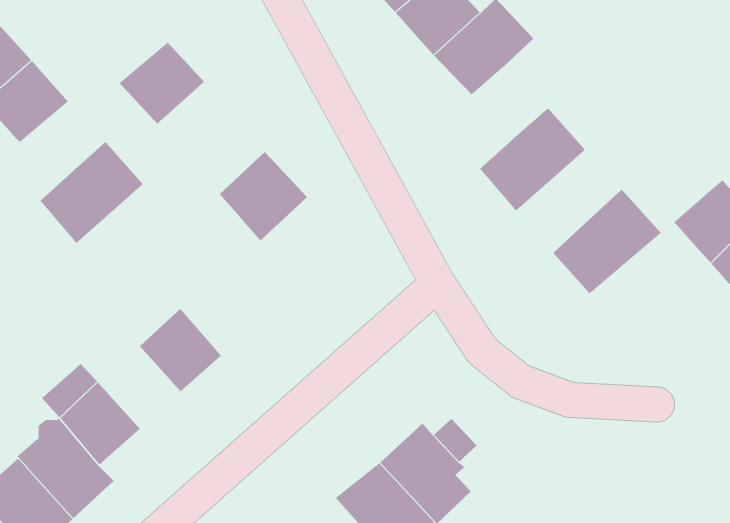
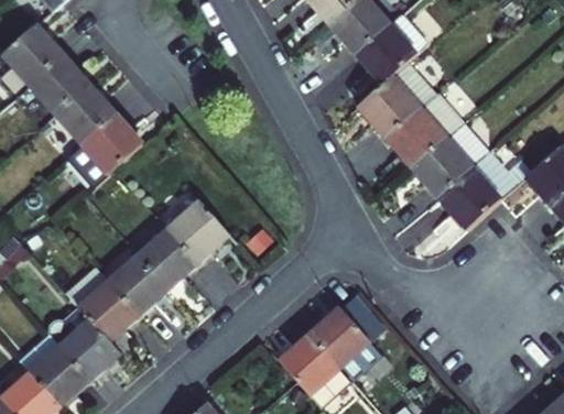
building: [119,42,205,125] -> [51,80,112,140]
building: none -> [351,53,431,129]
building: none -> [408,116,482,189]
building: [219,151,308,242] -> [166,198,230,263]
building: none -> [107,257,166,316]

